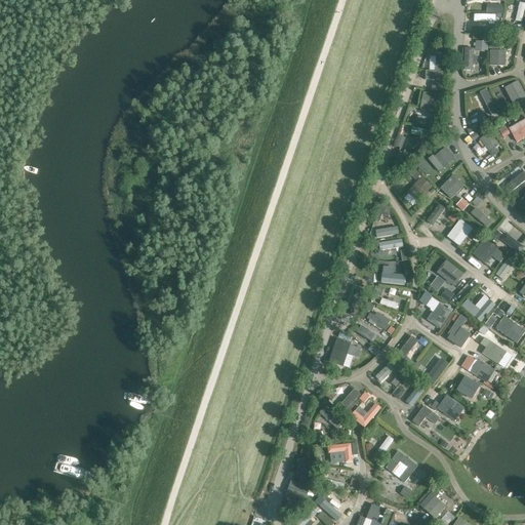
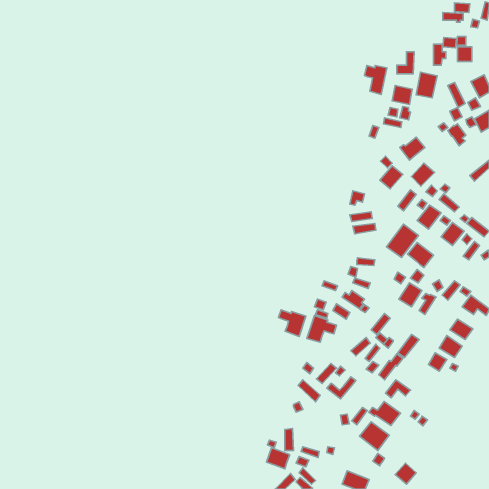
building: none -> [364,65,387,94]
building: none -> [416,72,437,98]
building: none -> [387,224,419,258]
building: none -> [279,310,306,336]
building: [430,395,463,420] -> [369,402,400,426]
building: [327,443,352,462] -> none

